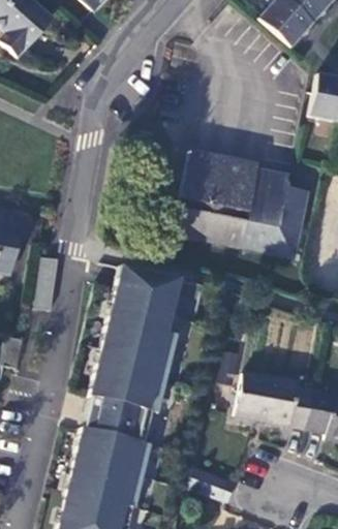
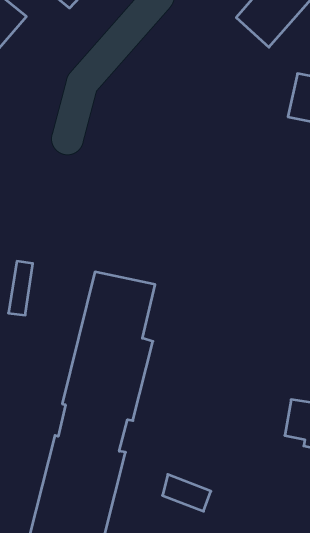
building: [174,152,308,259] -> none
building: [235,373,313,428] -> none

